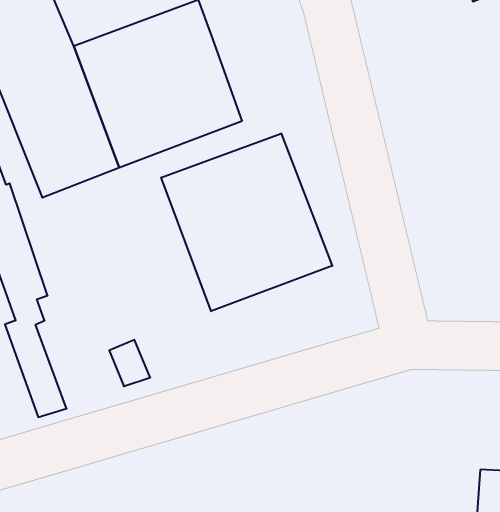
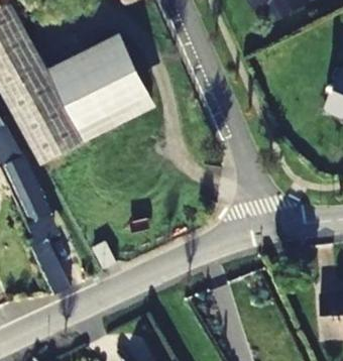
building: [161,133,332,311] -> none

